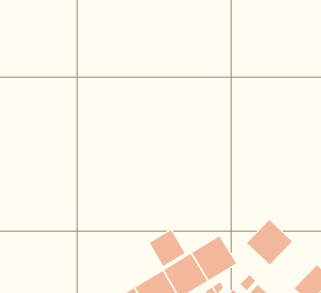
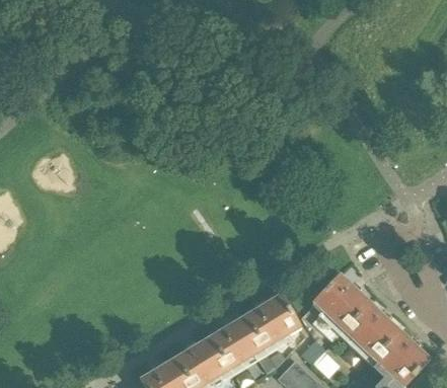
building: [149,229,185,267] -> none
building: none -> [341,301,398,359]

